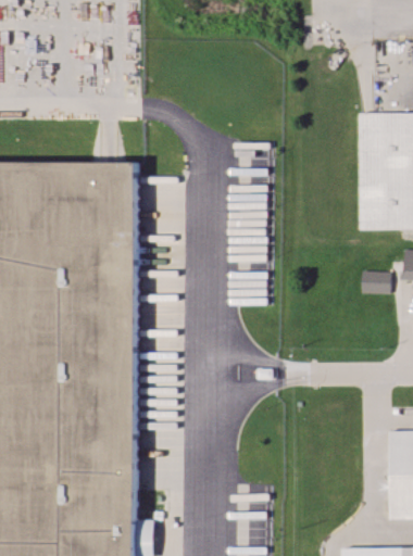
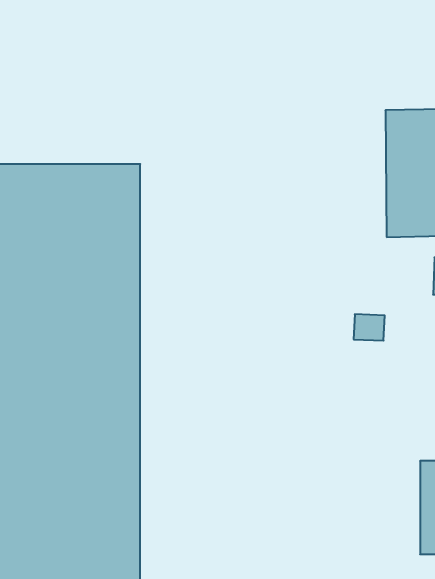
building: [364,271,392,295] -> [354,314,385,341]

